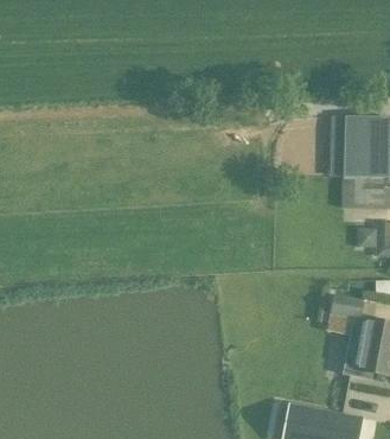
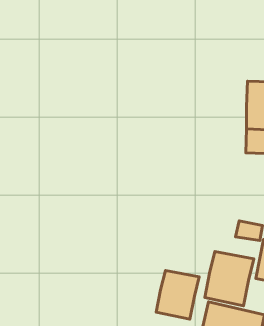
building: none -> [205,252,254,306]
building: none -> [156,270,199,319]

